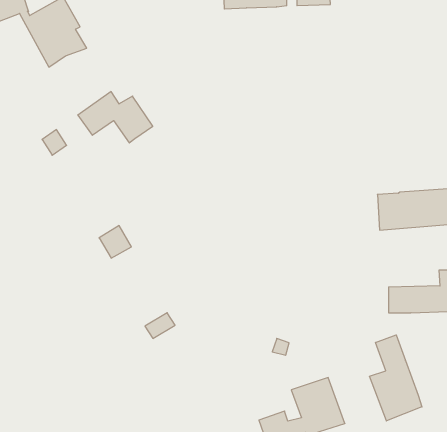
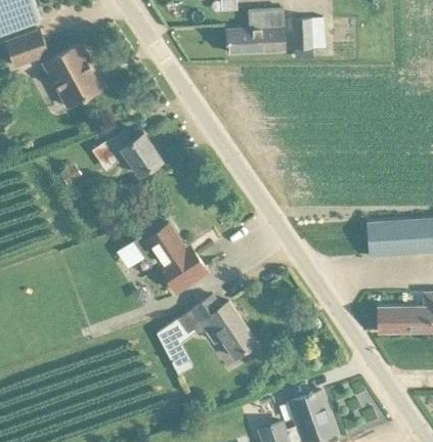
building: none -> [129,222,208,291]
building: none -> [177,295,257,358]
building: [370,335,422,421] -> none

